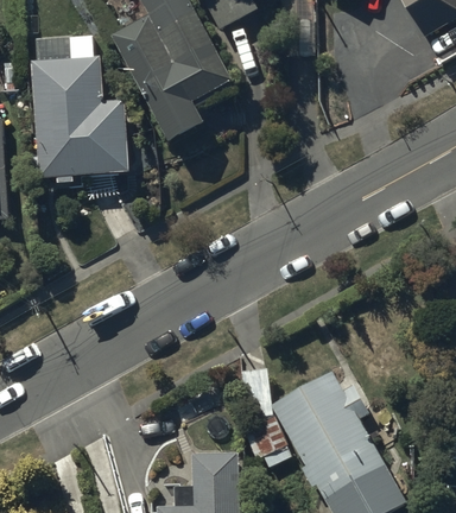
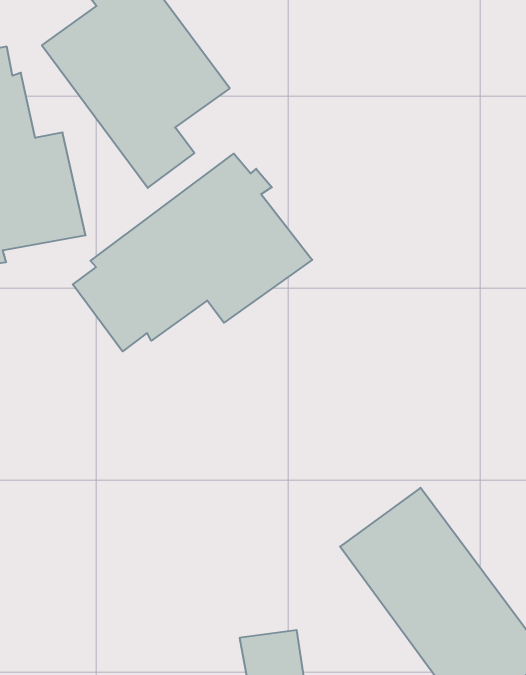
building: none -> [73,154,312,351]

